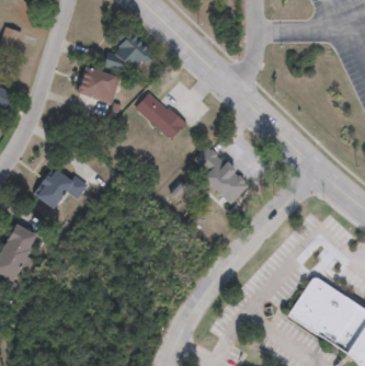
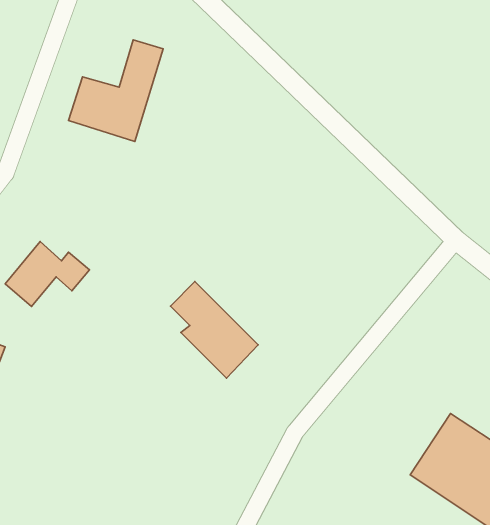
building: [137,90,186,139] -> none
building: [195,145,250,205] -> [170,282,258,378]

